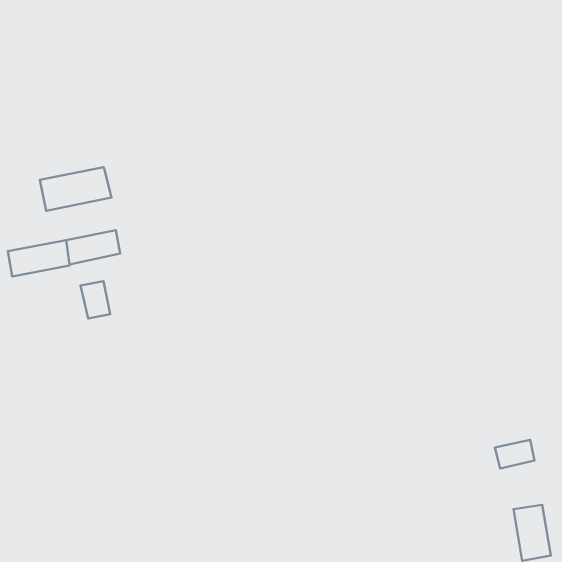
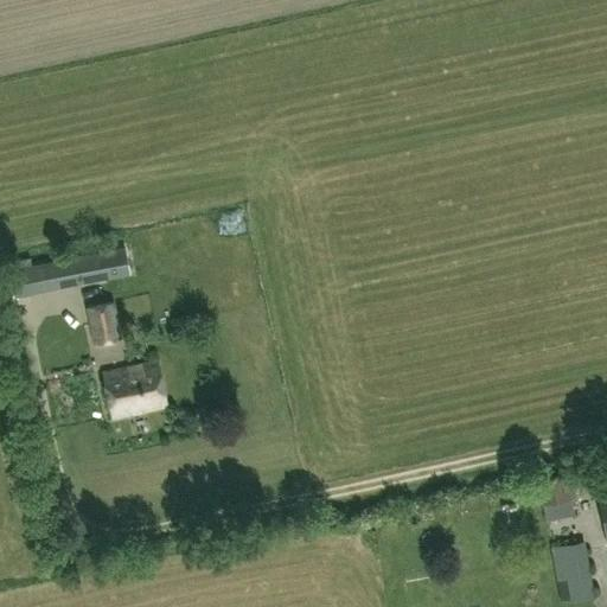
building: [40,167,111,211] -> none
building: none -> [103,363,168,418]

